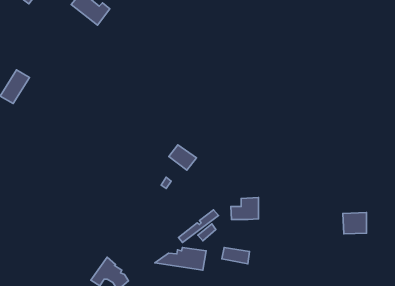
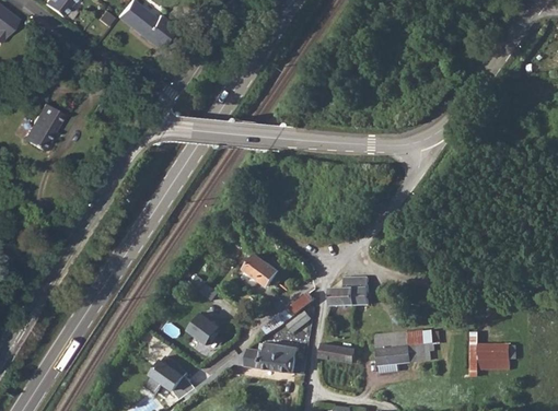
building: [169,145,197,170] -> [243,254,280,287]
building: [343,213,367,234] -> [476,342,508,371]
building: none -> [187,314,219,344]
building: none -> [374,331,425,373]

